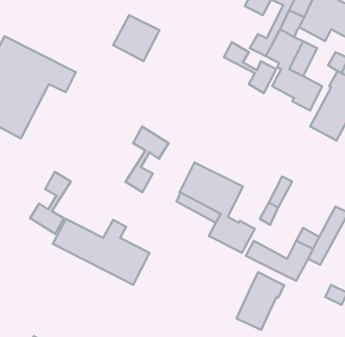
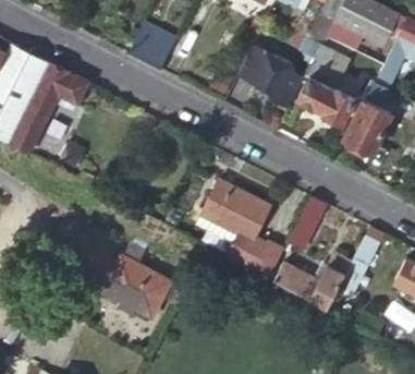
building: [125,127,168,192] -> none
building: [30,172,71,234] -> none
building: [237,272,284,330] -> none

